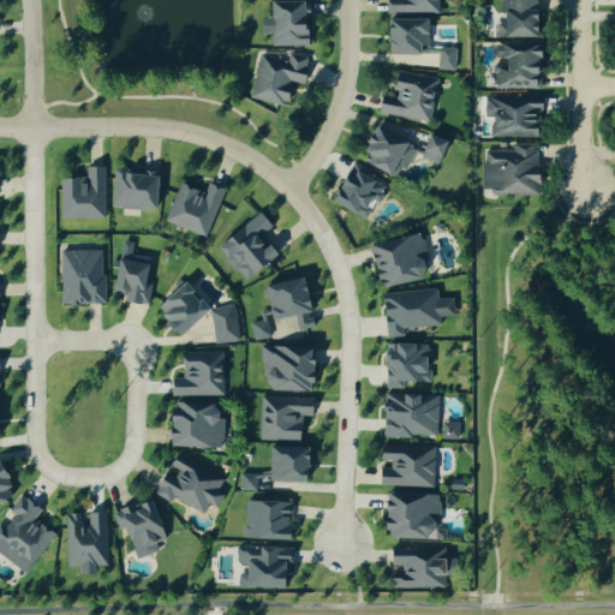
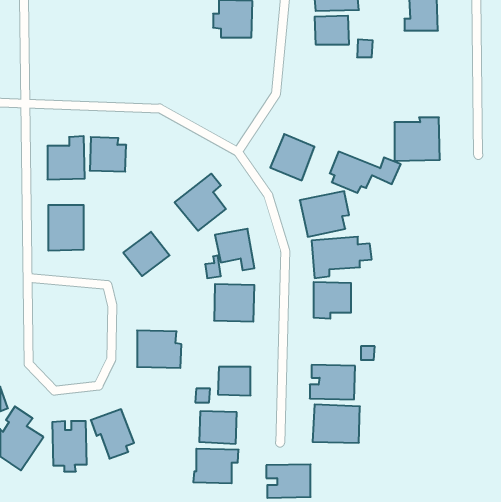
building: [497,44,543,88] -> none
building: [251,48,310,106] -> none
building: [378,71,438,121] -> none
building: [485,96,541,137] -> none
building: [363,126,449,177] -> [330,152,401,193]
building: [167,183,225,237] -> none
building: [113,256,154,305] -> none
building: [214,306,240,342] -> none
building: [172,351,226,395] -> none
building: [384,393,440,437] -> none
building: [262,396,314,440] -> none
building: [156,452,227,513] -> none
building: [390,548,444,589] -> [266,464,311,498]

